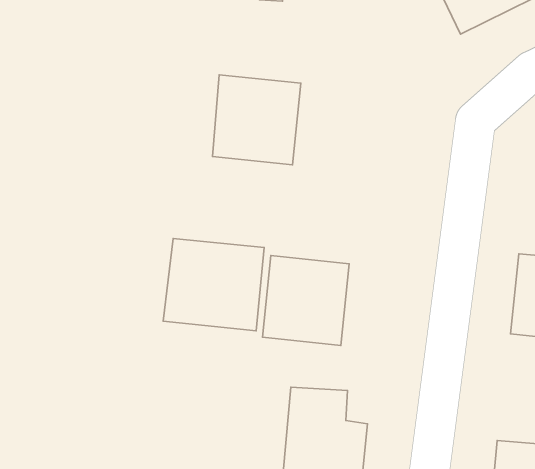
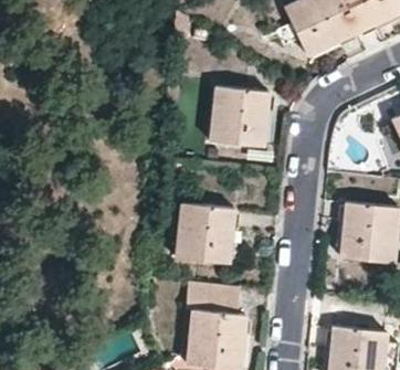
building: [213,75,301,165] -> [211,87,270,147]
building: [163,238,264,331] -> none

